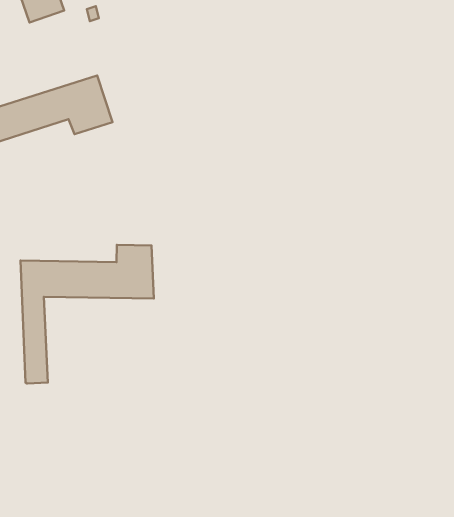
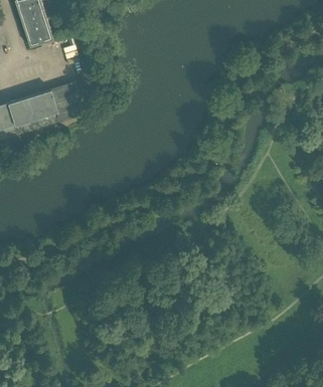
building: [20,245,154,383] -> none

